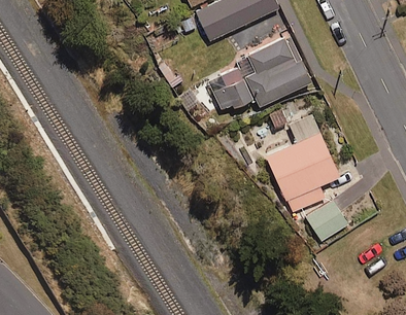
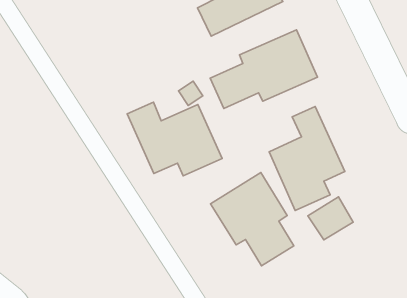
building: none -> [127,102,222,176]
building: none -> [210,173,294,266]

